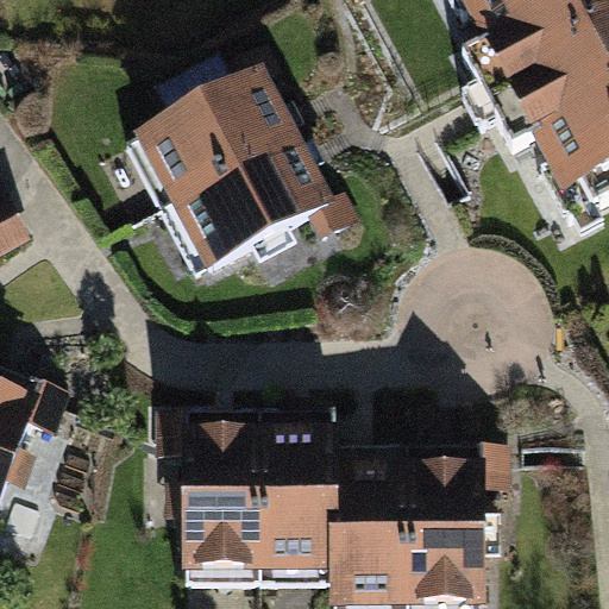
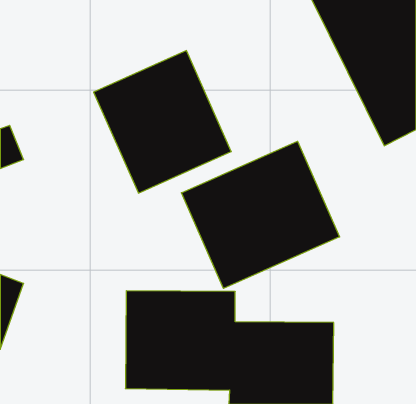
building: none -> [181,141,340,288]

